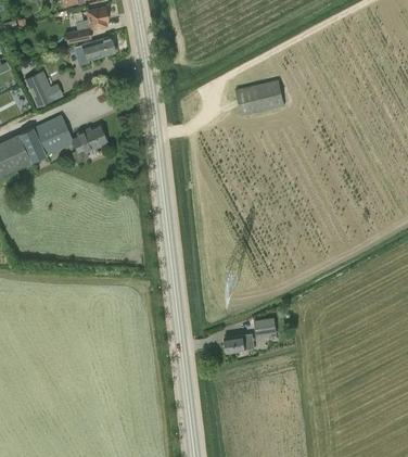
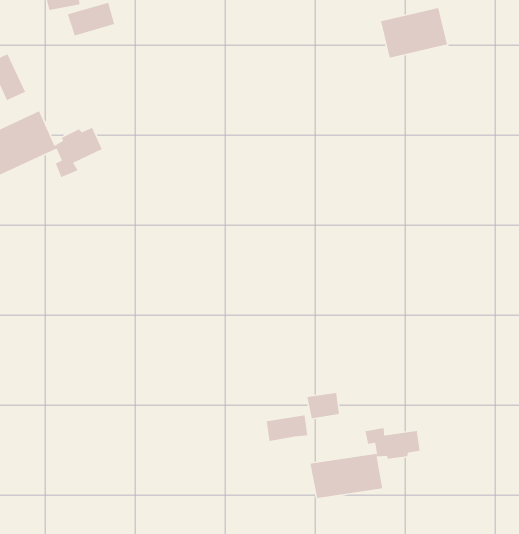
building: [237,79,285,116] -> [380,7,448,58]
building: none -> [310,427,420,499]

